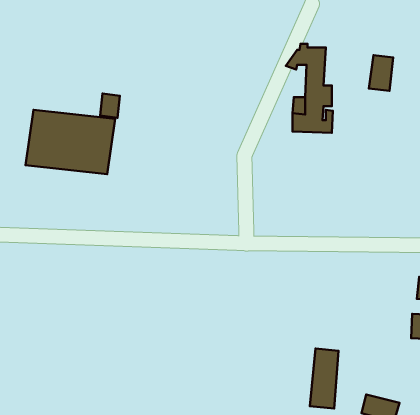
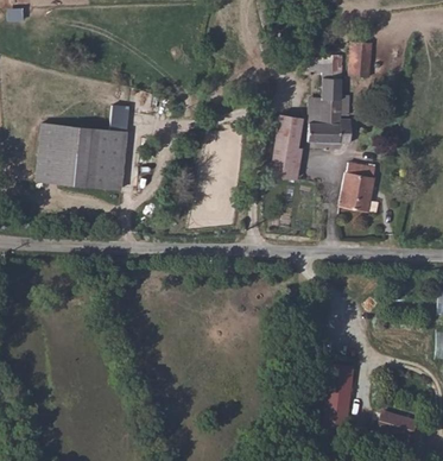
building: [369,55,393,91] -> [348,42,373,78]
building: none -> [271,115,298,179]
building: none -> [338,163,375,211]

